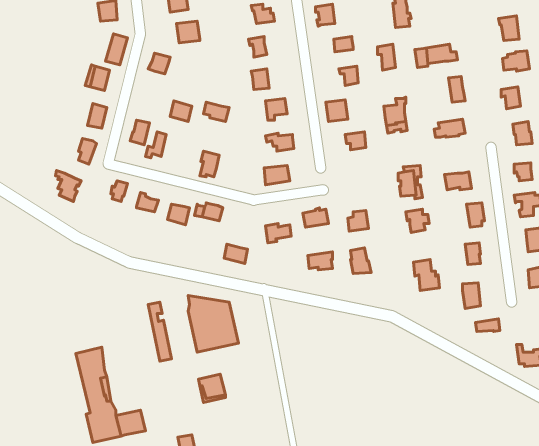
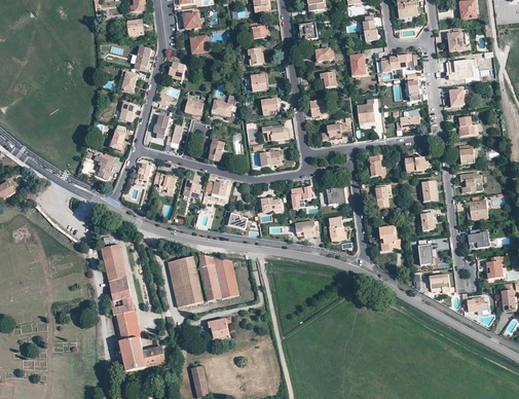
building: none -> [102,245,131,301]
building: none -> [175,256,203,305]

